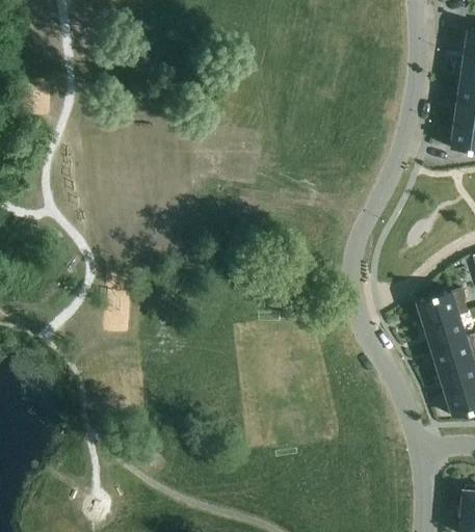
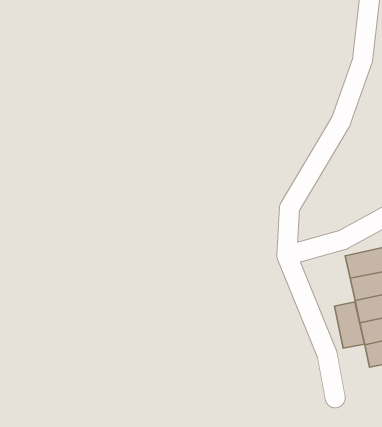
building: none -> [335,302,365,348]

